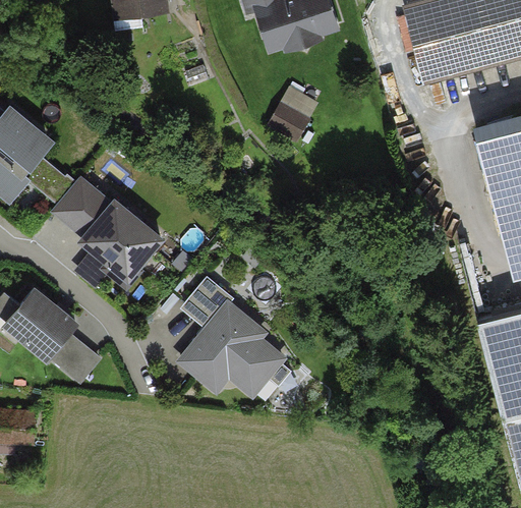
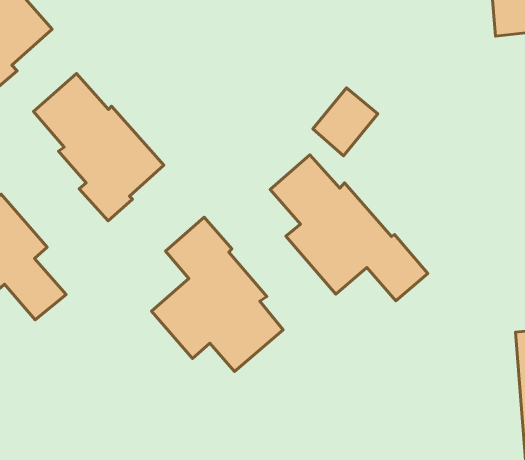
building: [268,86,320,143] -> [313,88,378,156]
building: none -> [270,155,428,301]

